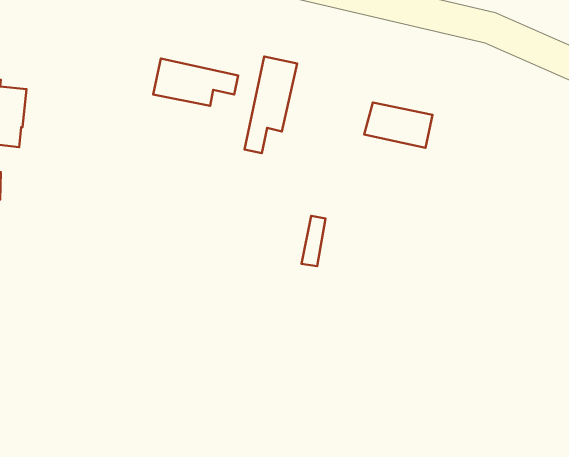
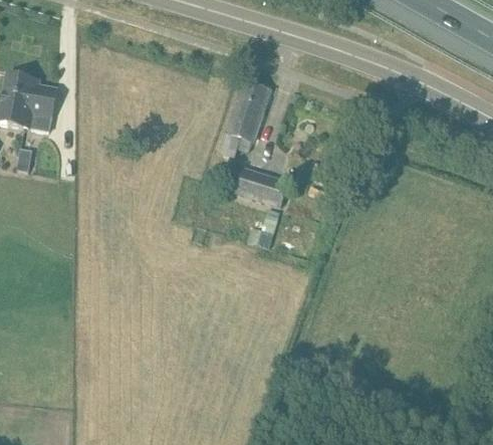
building: [153,58,238,106] -> none
building: [364,102,432,148] -> [234,168,288,207]

